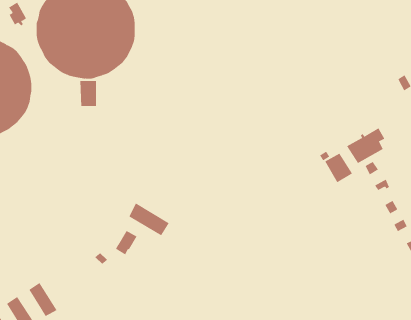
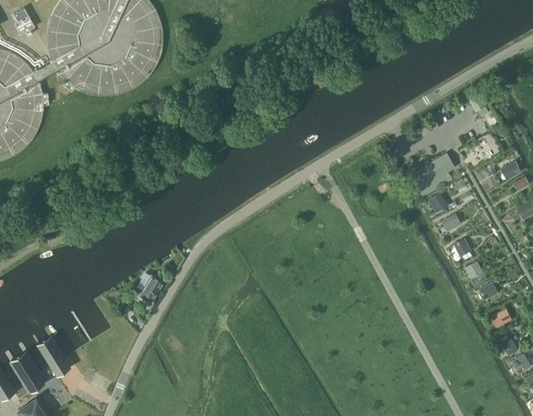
building: [80,80,97,107] -> none
building: [325,153,353,183] -> none
building: [129,203,170,236] -> none

